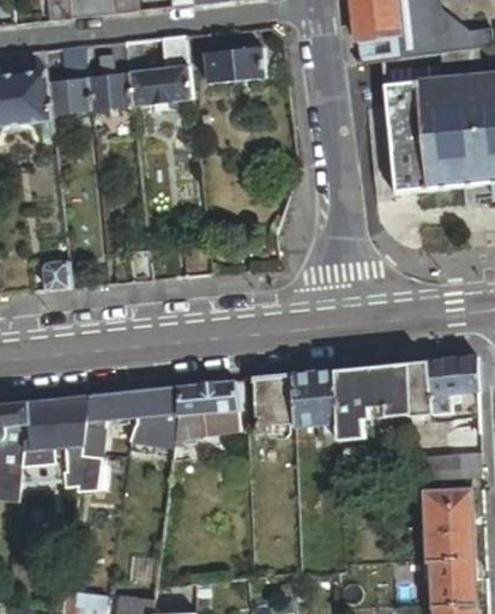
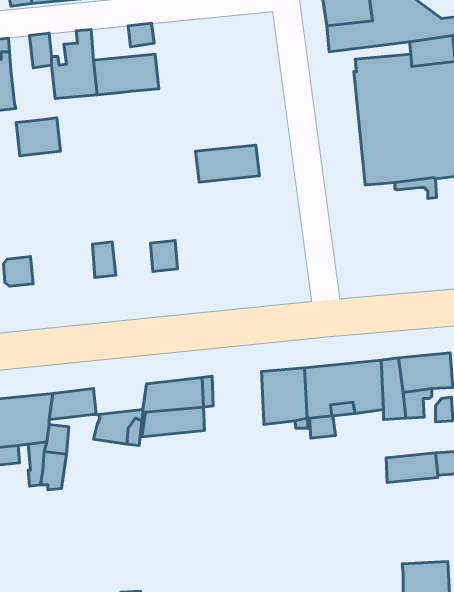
building: [203,47,265,83] -> [195,145,260,182]
building: [48,76,91,113] -> [16,118,61,156]
building: [254,373,294,432] -> none
building: [128,385,180,415] -> none
building: [421,489,472,560] -> none

